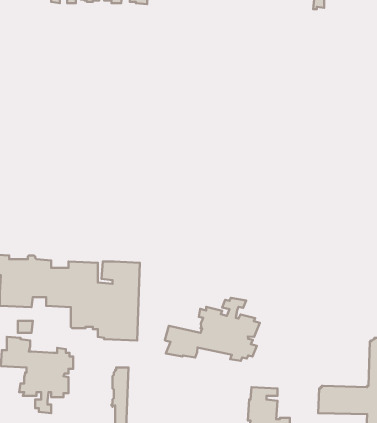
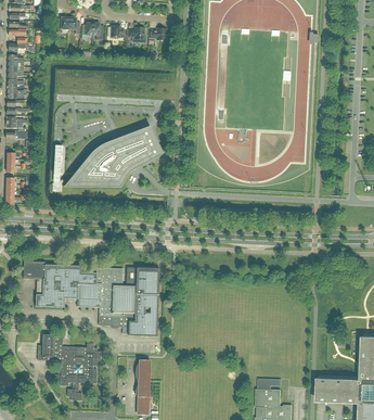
building: none -> [63,126,163,187]
building: [165,298,260,361] -> none

